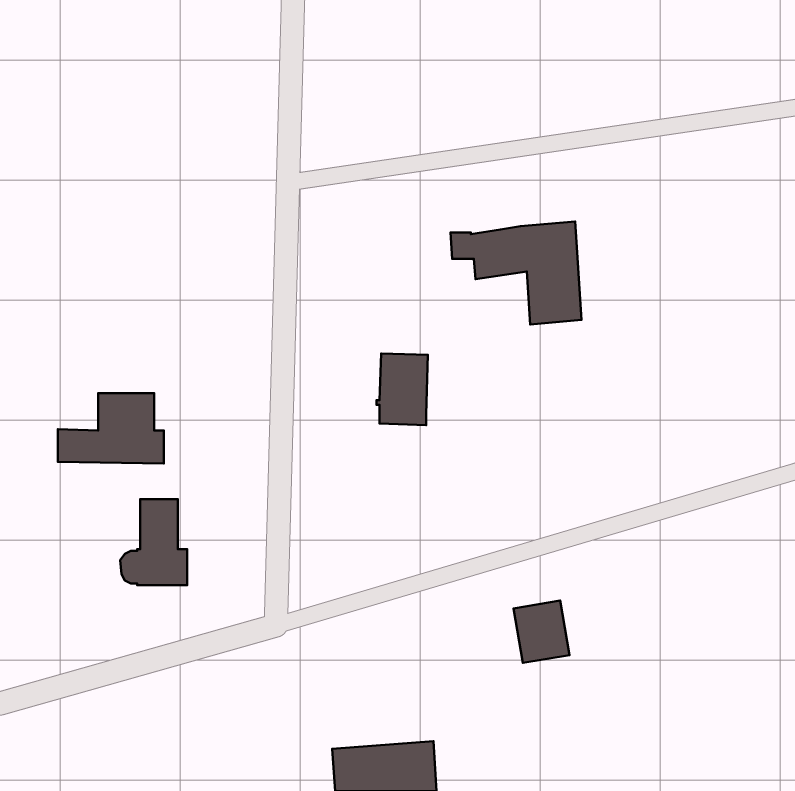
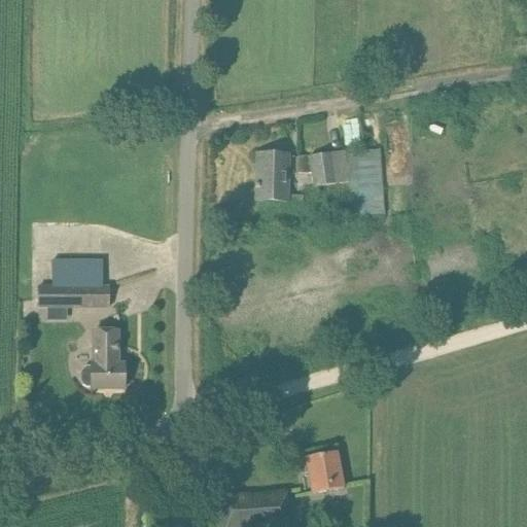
building: [376,353,428,425] -> [255,151,289,199]
building: [513,601,570,663] -> [307,450,344,491]

